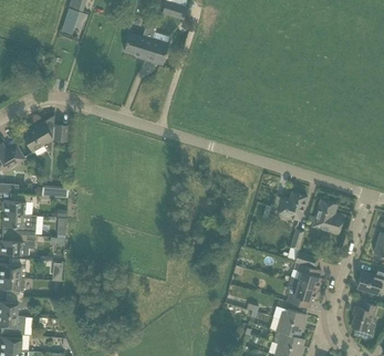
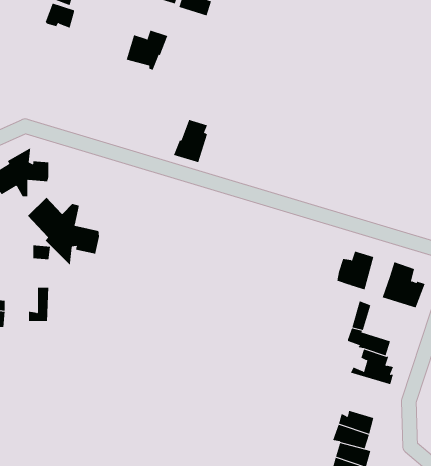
building: [143,33,168,65] -> [173,119,208,163]
building: none -> [27,197,100,266]
building: [286,282,318,308] -> none

